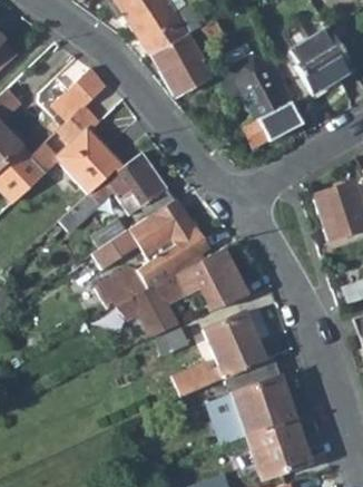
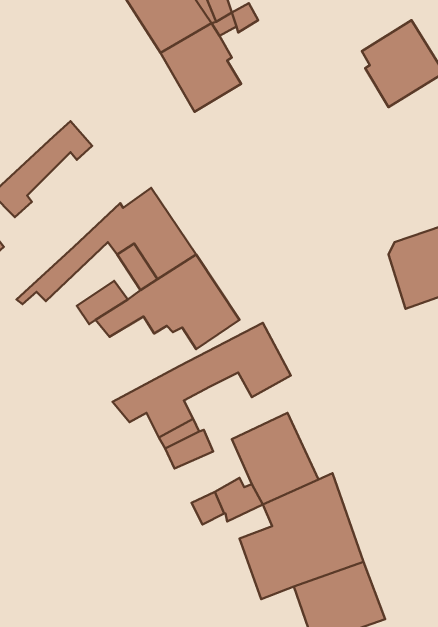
building: [215,52,302,148] -> none
building: [58,65,109,115] -> none
building: [55,126,121,194] -> none
building: [98,266,164,309] -> none

